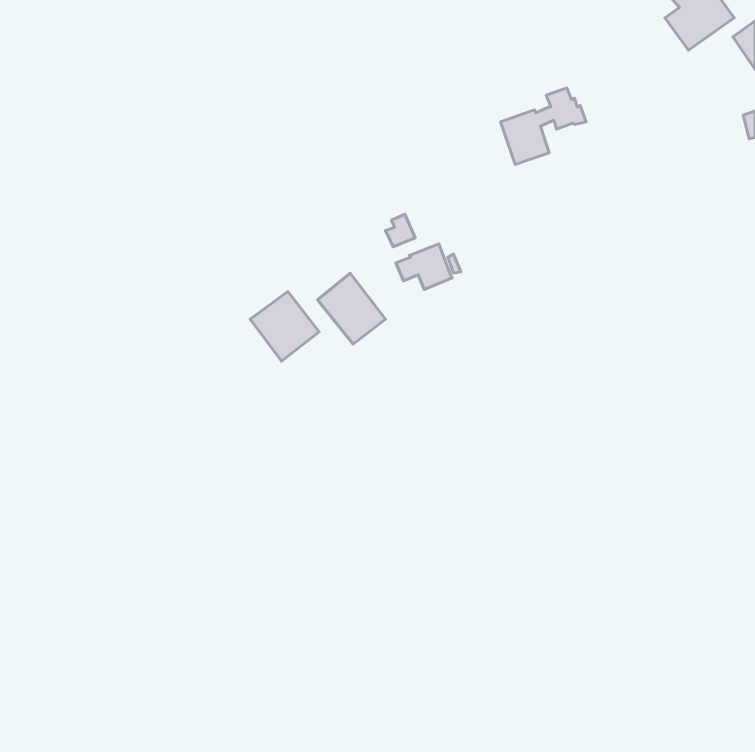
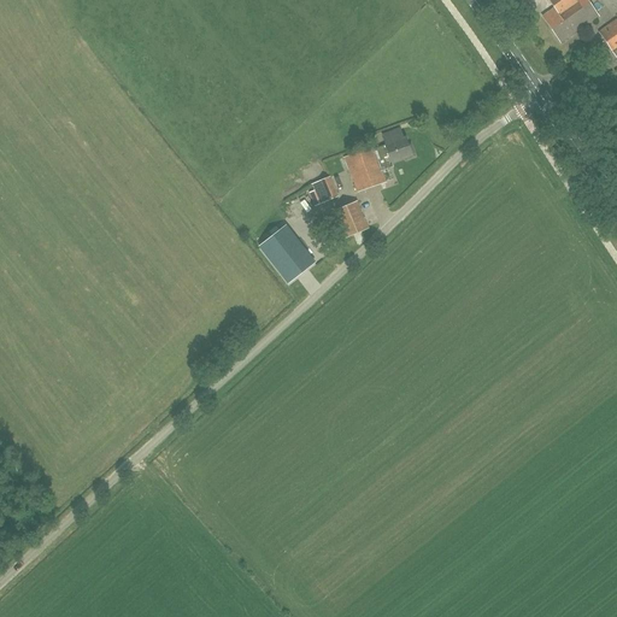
building: [500,88,586,165] -> [346,128,416,190]
building: [250,291,319,361] -> none

